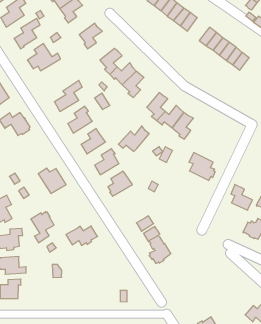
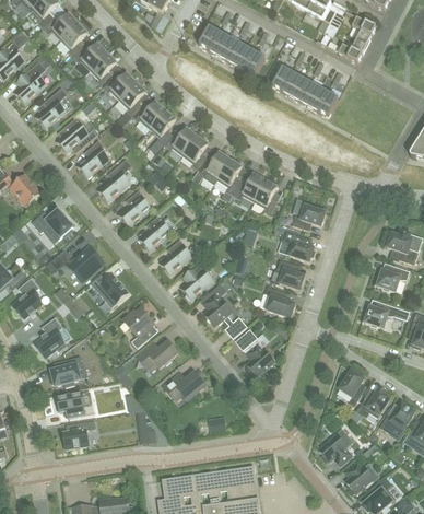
building: none -> [102,71,136,100]
building: none -> [131,100,165,128]
building: none -> [78,139,108,177]
building: [118,126,149,151] -> [192,150,229,184]
building: none -> [291,198,325,229]
building: none -> [48,247,102,278]
building: [231,184,252,210] -> [275,258,304,289]
building: none -> [199,289,232,326]
building: none -> [264,285,294,317]
building: [31,212,54,243] -> [122,307,153,348]
building: none -> [163,372,204,399]
building: none -> [338,370,363,405]
building: none -> [355,387,389,417]

